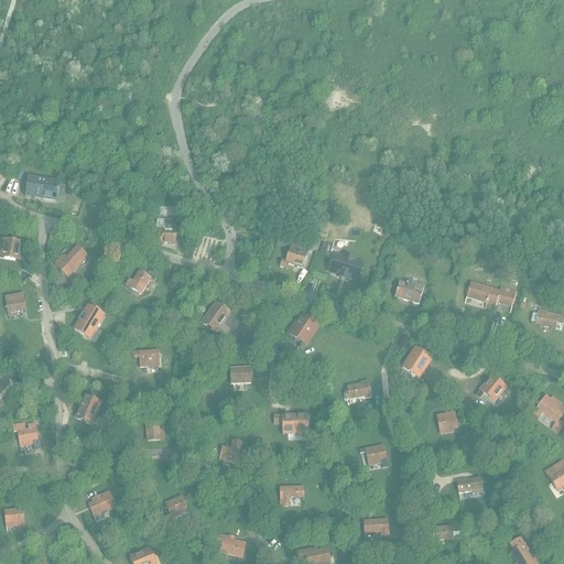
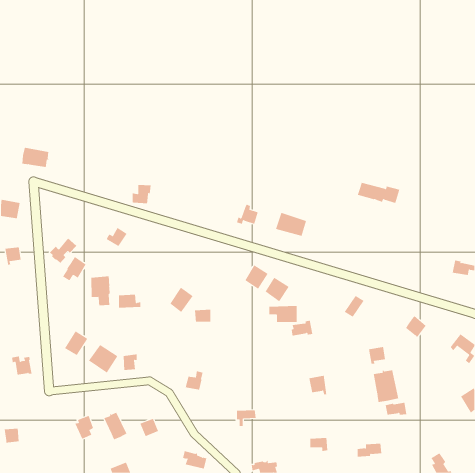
building: [55,243,88,274] -> [49,238,77,264]
building: [394,279,424,302] -> none
building: [464,280,517,311] -> [356,182,400,208]
building: [202,300,230,330] -> [169,287,194,313]
building: none -> [91,275,110,306]
building: none -> [265,277,290,302]
building: none -> [88,344,118,373]
building: [275,412,310,432] -> [269,306,297,322]
building: none -> [373,369,399,403]
building: none -> [104,412,127,440]

